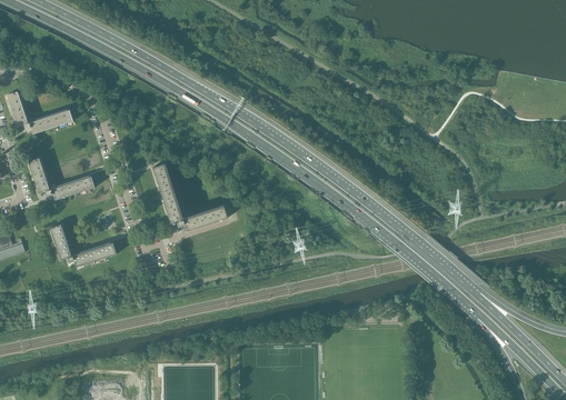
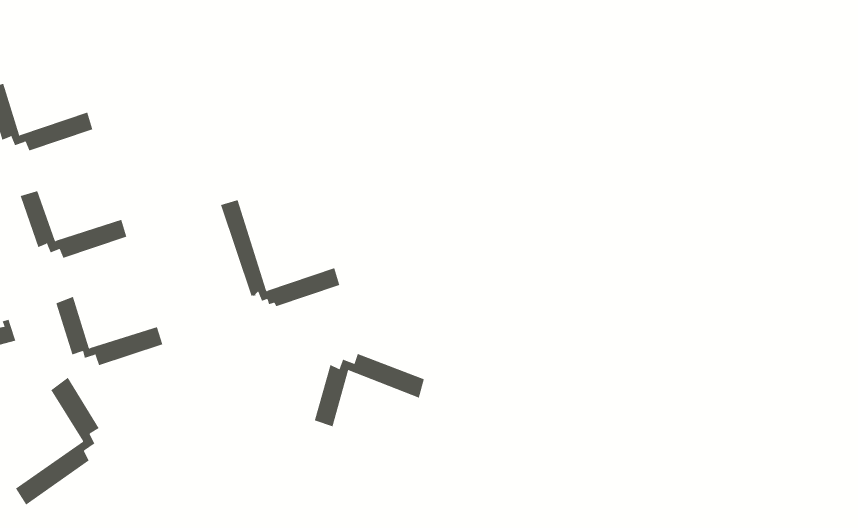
building: none -> [314,353,424,427]
building: none -> [15,377,99,506]

